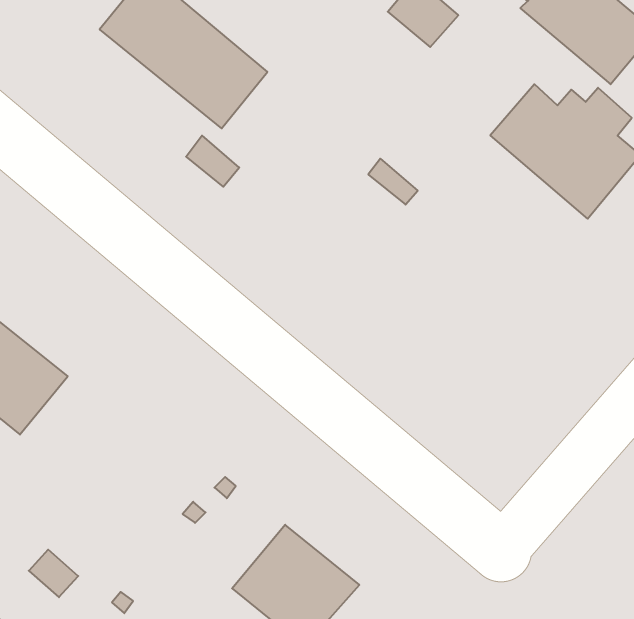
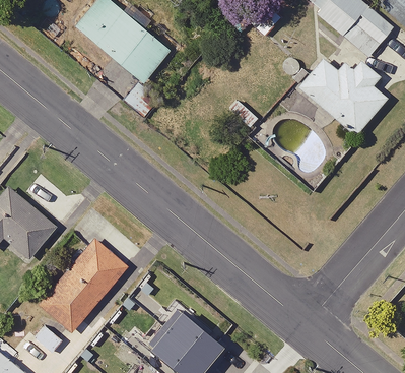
building: none -> [38,238,128,333]

